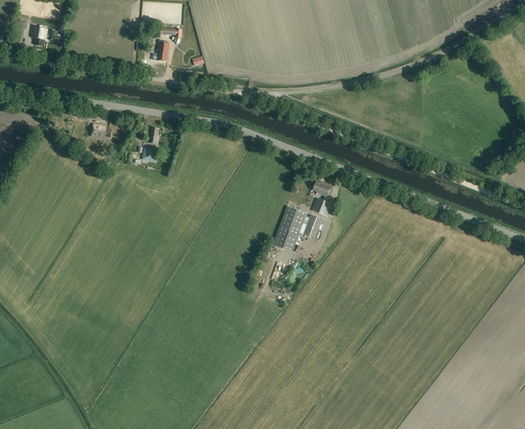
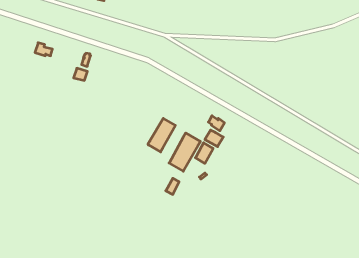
building: none -> [148,118,175,152]

